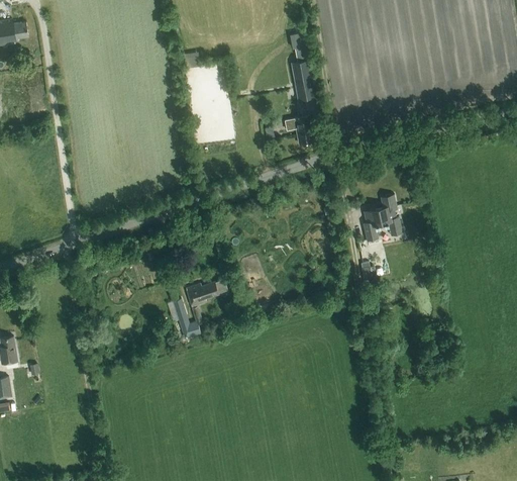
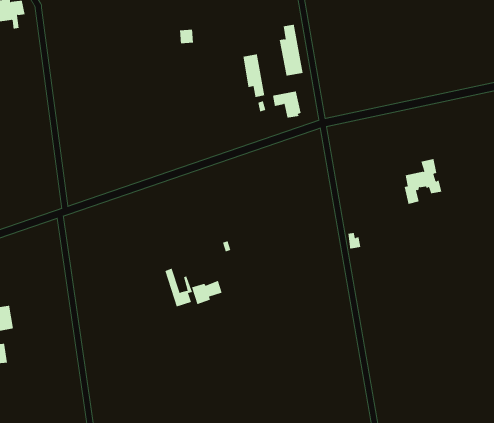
building: none -> [243,53,265,98]
building: [361,194,401,242] -> [404,158,442,204]
building: [186,281,218,306] -> [191,280,222,305]

